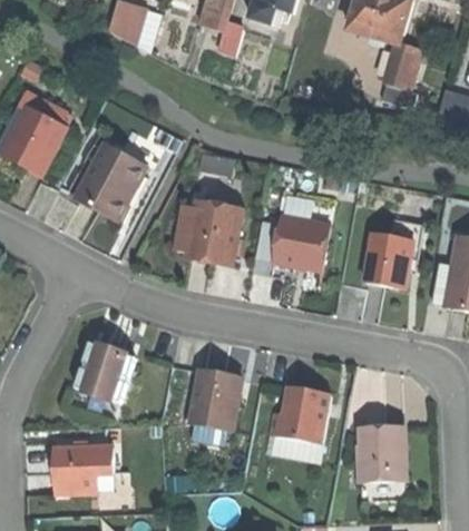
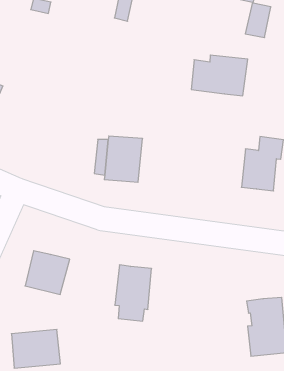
building: [76,141,147,218] -> none
building: [254,213,330,268] -> [191,55,248,96]
building: [266,384,331,459] -> none

